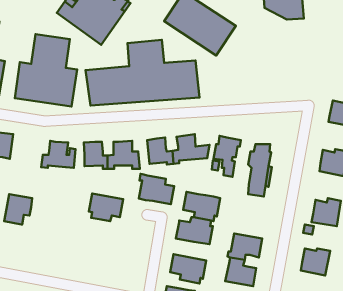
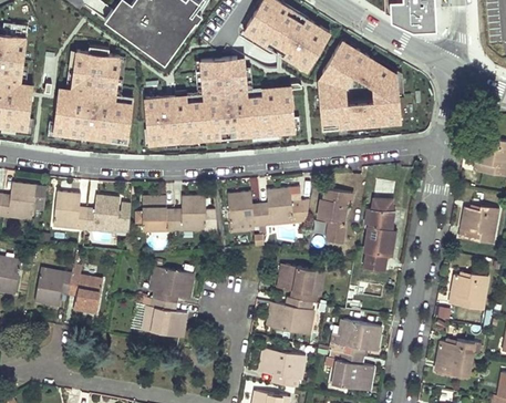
building: none -> [320,40,404,133]
building: none -> [52,192,86,230]
building: [139,174,174,204] -> [141,297,188,338]
building: none -> [69,265,104,314]

